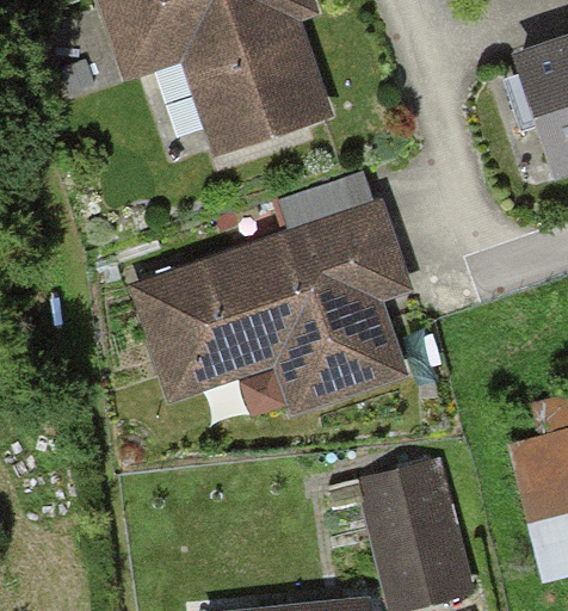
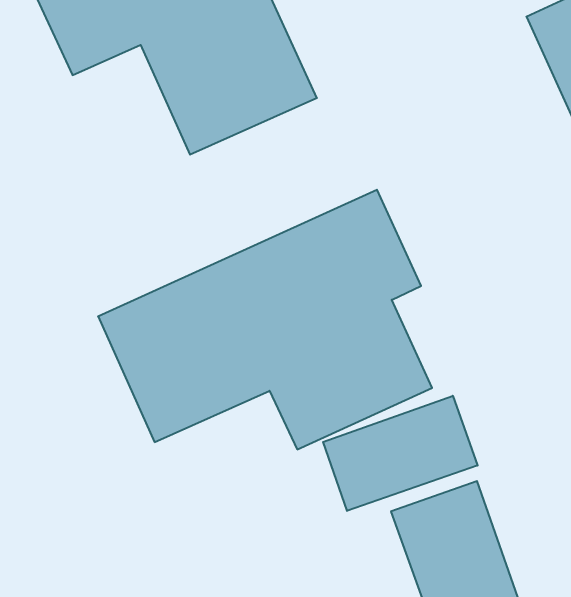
building: none -> [323,396,478,511]

